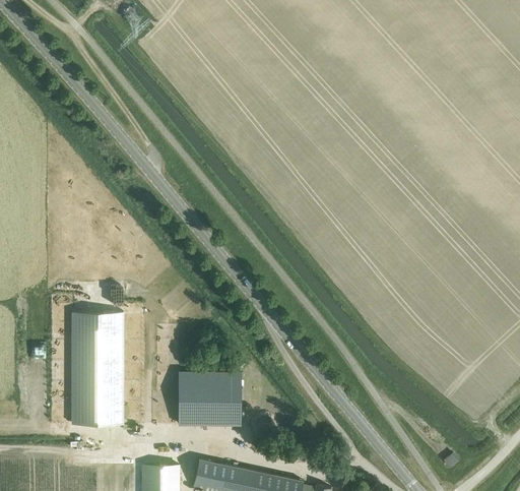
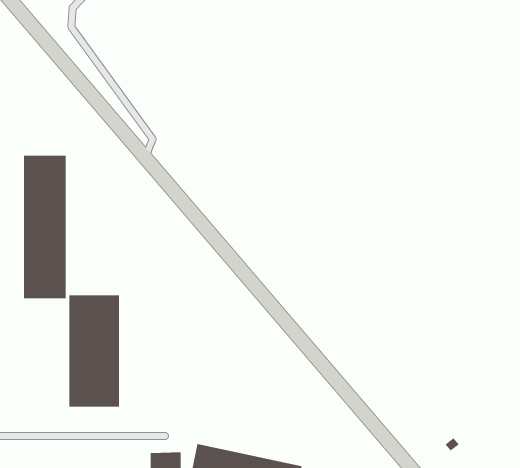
building: none -> [23,155,66,299]
building: [179,374,241,425] -> none

